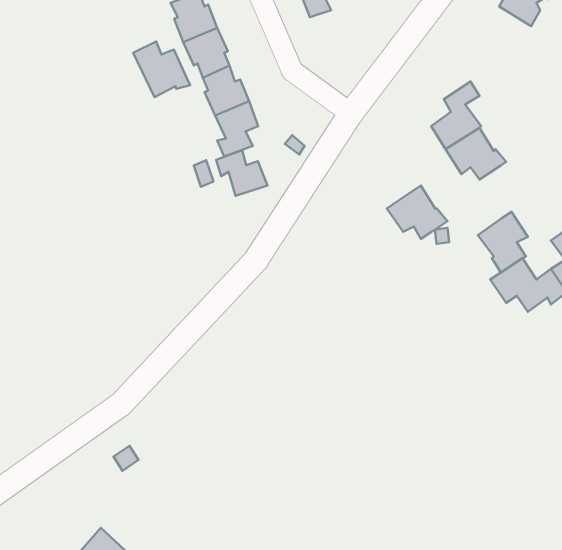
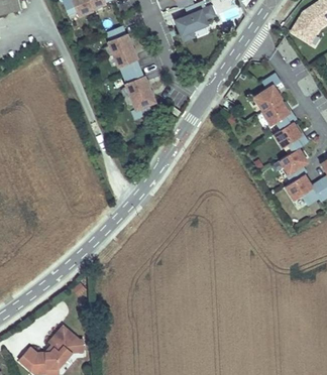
building: [133,42,190,97] -> none
building: [216,150,267,196] -> none
building: [387,185,448,239] -> [272,123,307,153]

